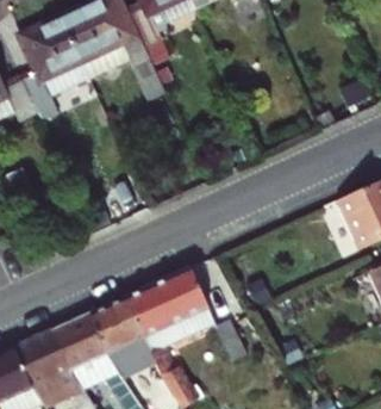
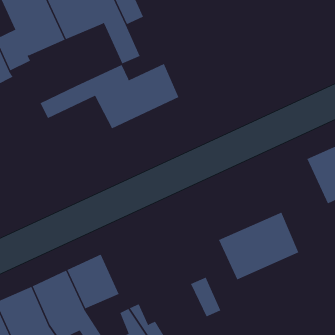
building: none -> [40,63,179,129]
building: [125,268,208,339] -> [218,212,299,280]

